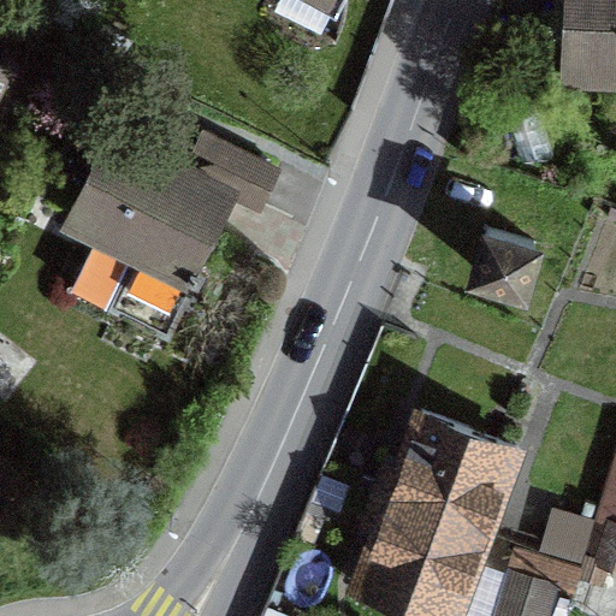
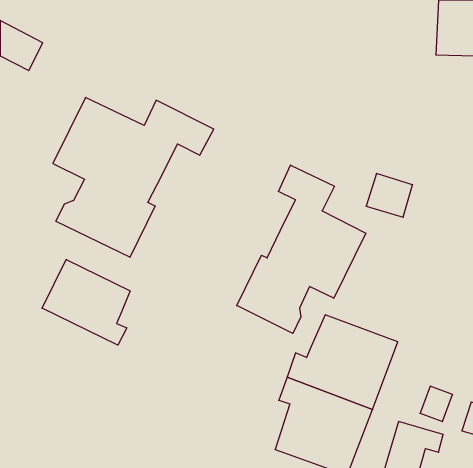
building: none -> [237,165,366,333]
building: none -> [42,259,130,345]

